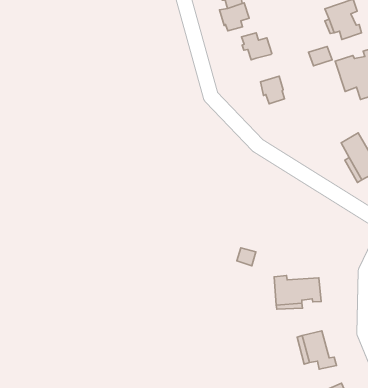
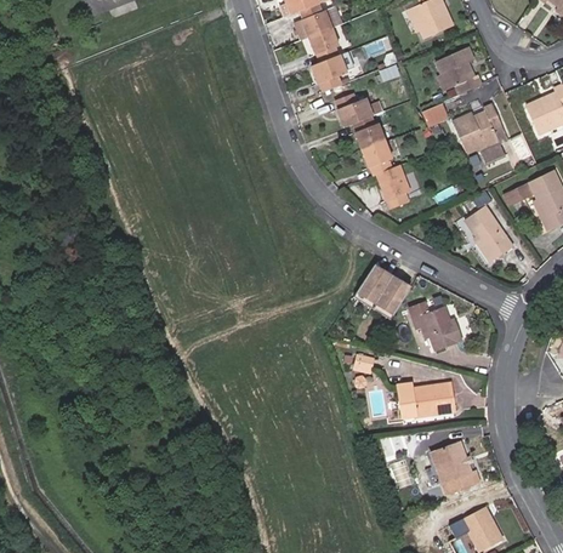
building: none -> [357,118,386,152]
building: none -> [379,167,411,210]
building: none -> [354,266,411,319]
building: none -> [409,304,460,350]

